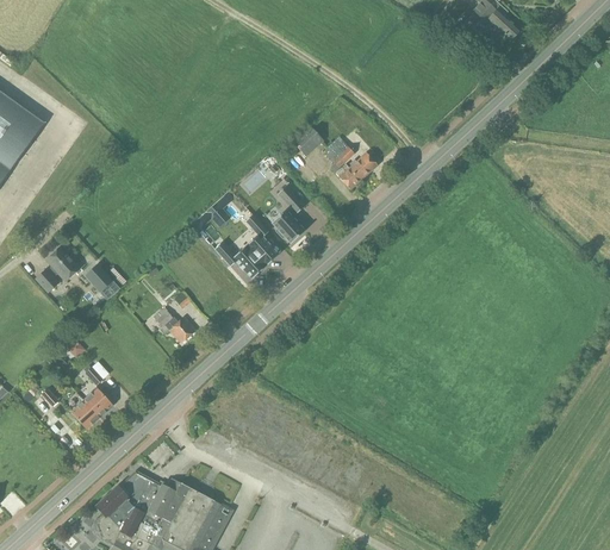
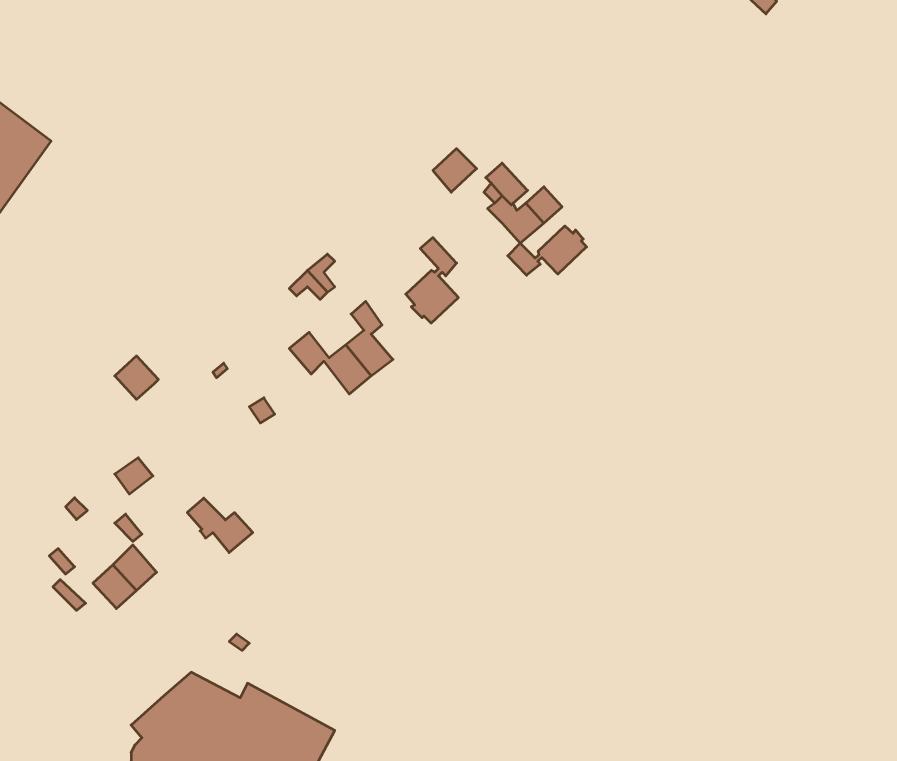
building: none -> [508,226,587,275]
building: [35,246,77,290] -> none
building: [152,307,195,343] -> [187,498,253,553]

